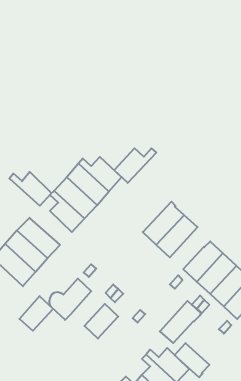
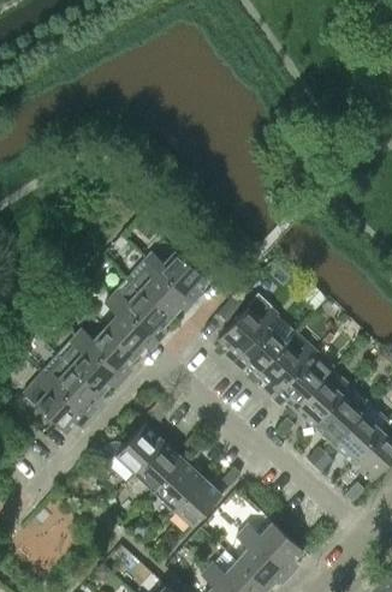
building: [114,148,156,183] -> [219,307,279,357]
building: [9,172,52,206] -> [77,327,137,375]
building: [19,296,53,331] -> [136,441,184,490]
building: [160,301,201,343] -> [277,349,335,409]
building: none -> [174,477,222,526]
building: [175,343,209,377] -> none

